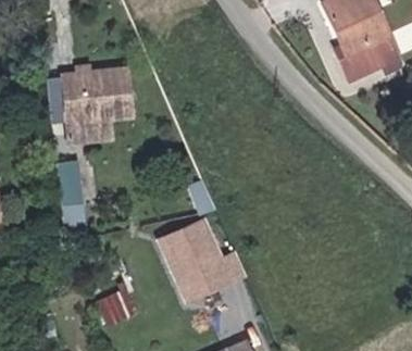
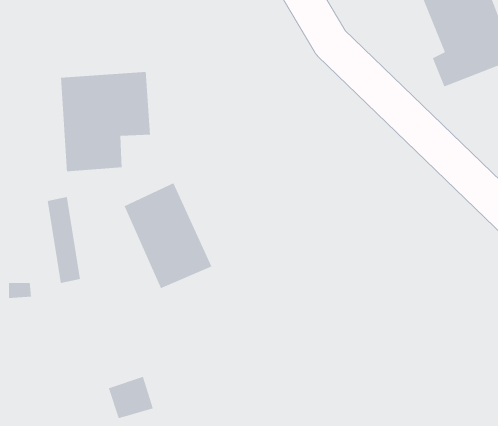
building: [162,221,227,299] -> [123,182,213,289]

